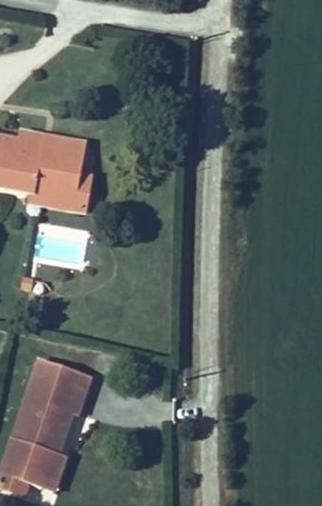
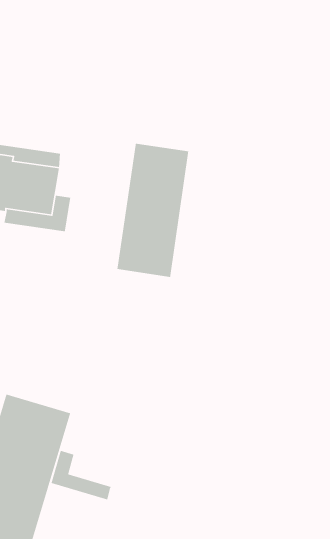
building: none -> [117,143,189,278]
building: none -> [51,450,112,500]

